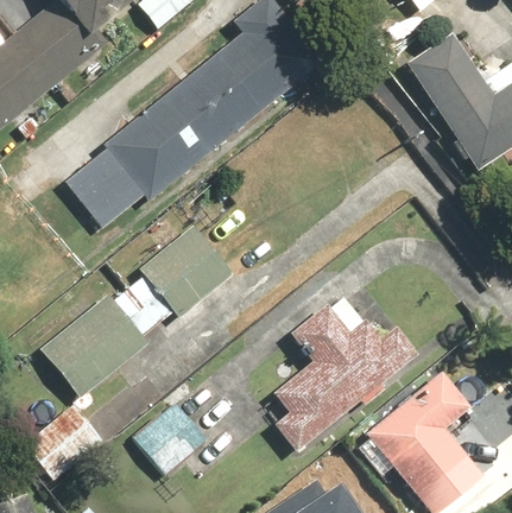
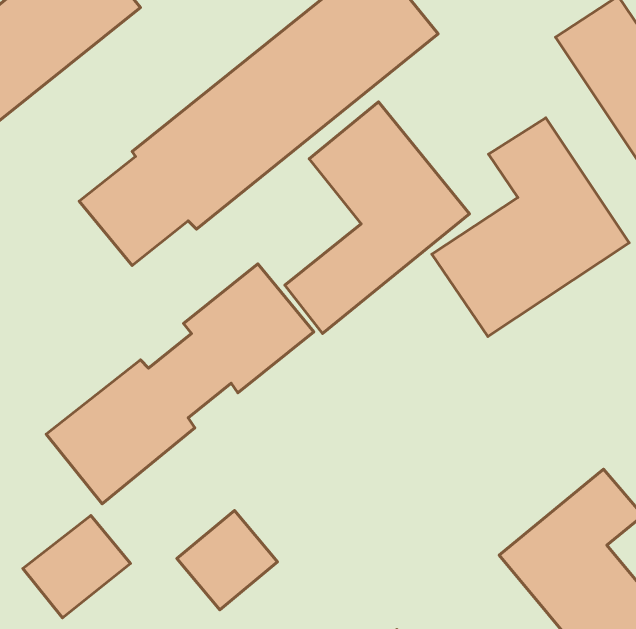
building: none -> [285,102,469,334]
building: none -> [432,118,629,336]
building: [272,298,418,452] -> none

